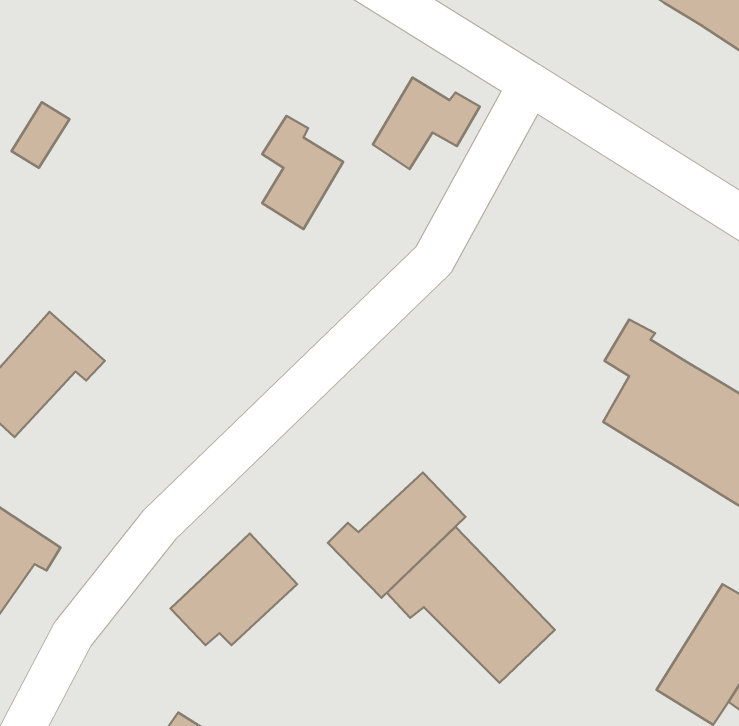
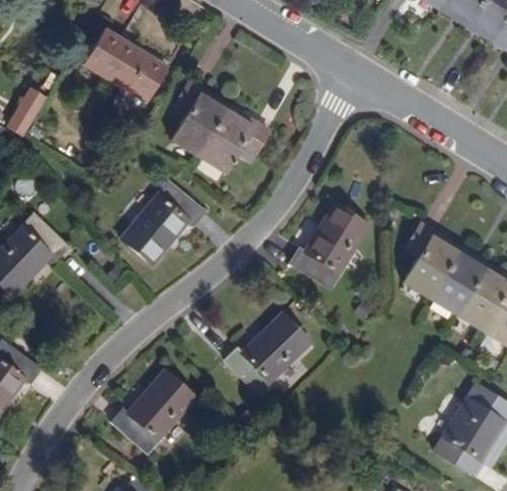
building: none -> [83,29,166,102]
building: [373,77,480,169] -> [204,111,275,172]
building: none -> [122,181,209,266]
building: none -> [286,206,368,292]
building: [387,527,555,683] -> none

